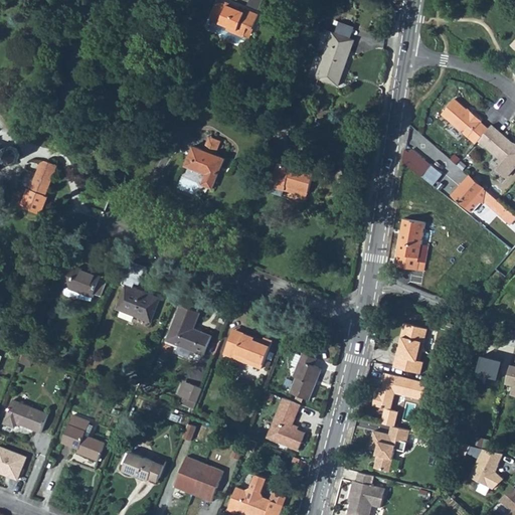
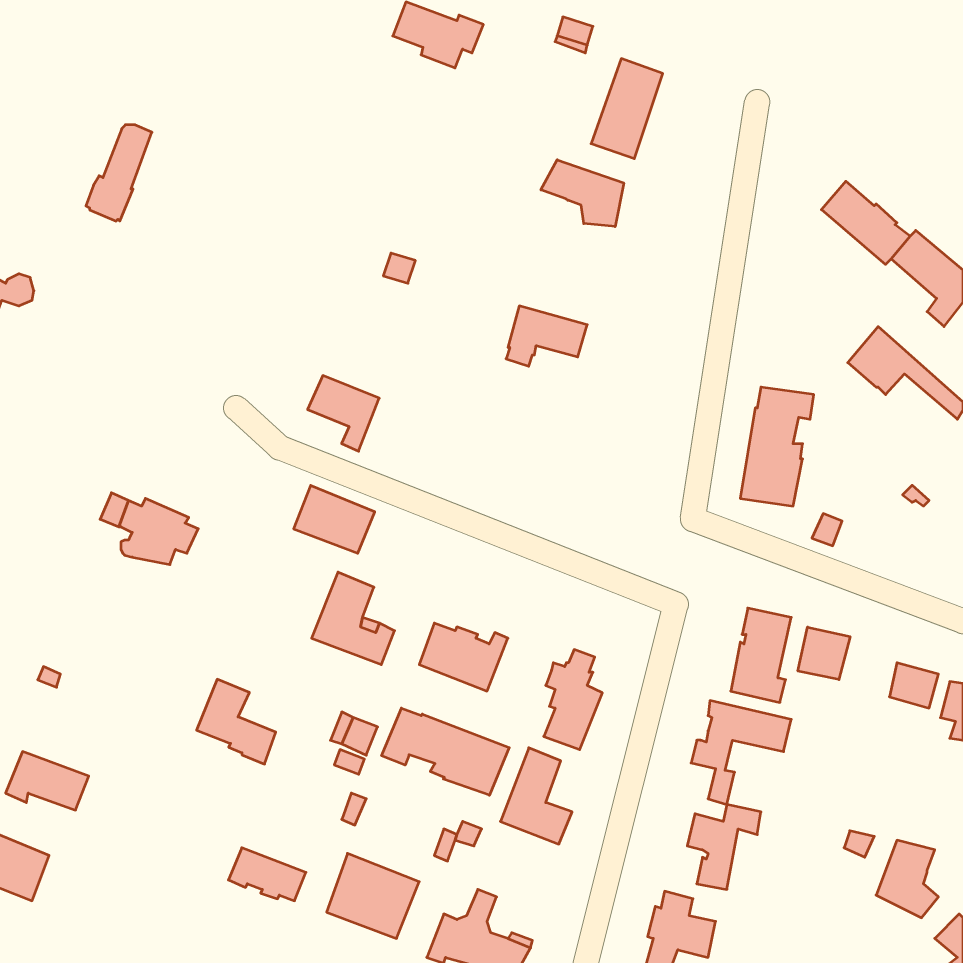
building: none -> [541,160,624,227]
building: [184,148,222,188] -> [308,376,379,451]
building: [402,150,440,185] -> none
building: [21,162,56,213] -> [86,125,152,221]
building: [116,286,159,322] -> [294,485,375,553]
building: none -> [798,627,850,680]
building: none -> [382,708,509,795]
building: [61,415,104,461] -> [197,679,276,764]

